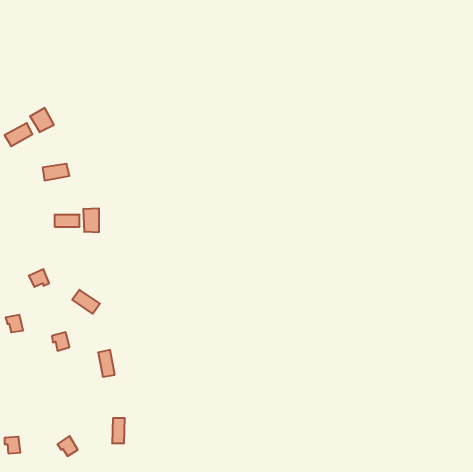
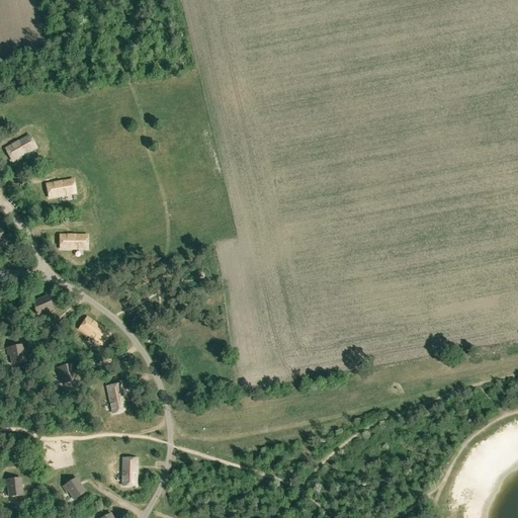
building: [30,108,54,132] -> none
building: [84,208,99,232] -> none

